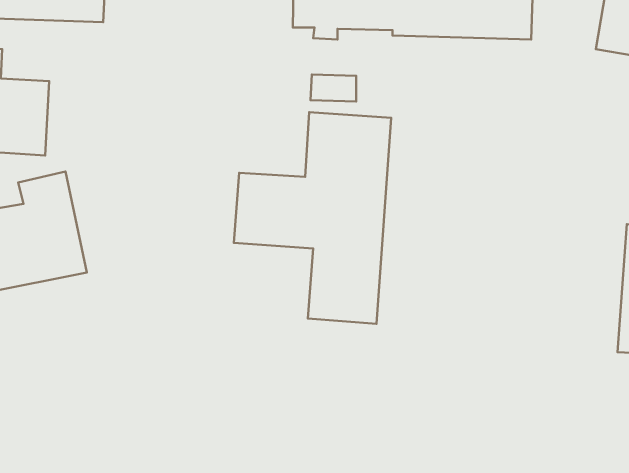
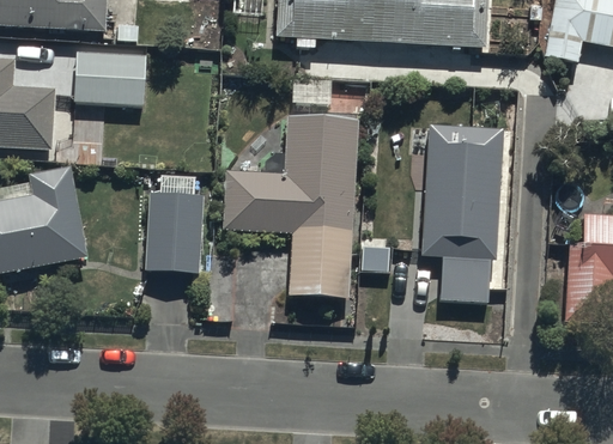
building: none -> [72,50,146,105]
building: none -> [419,123,500,304]
building: none -> [144,172,205,273]

